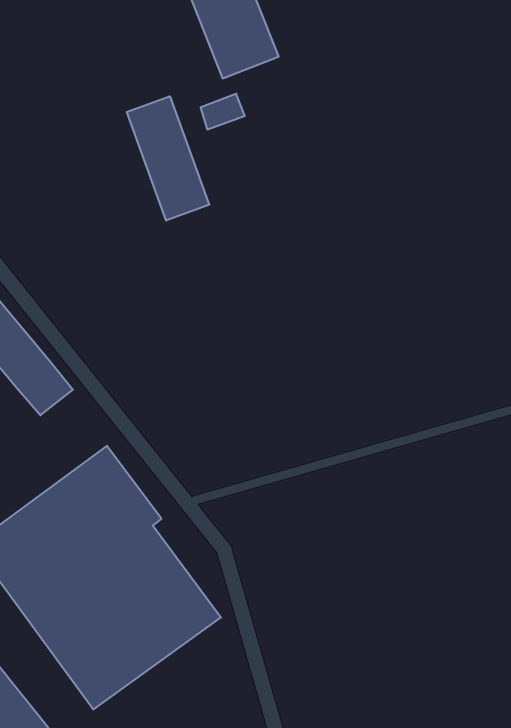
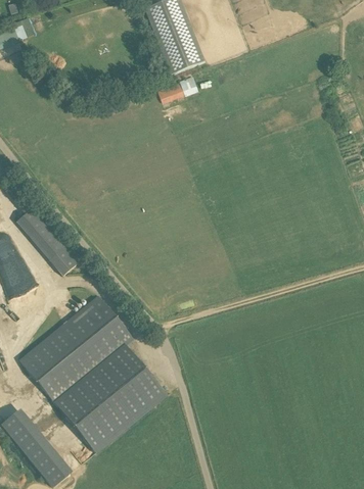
building: [127,96,209,221] -> none

